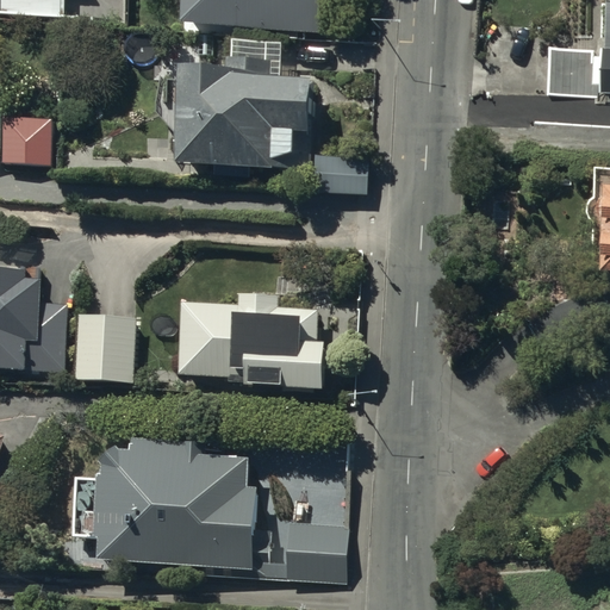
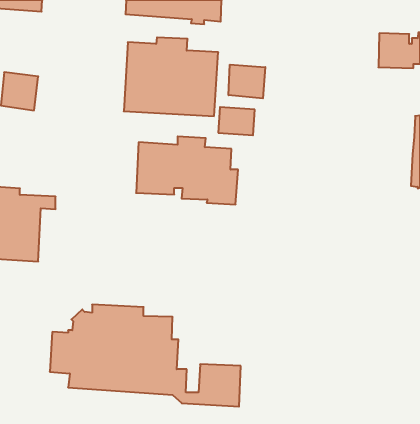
building: none -> [229,65,265,98]
building: [178,293,324,391] -> [136,136,238,204]
building: [75,313,135,384] -> none

